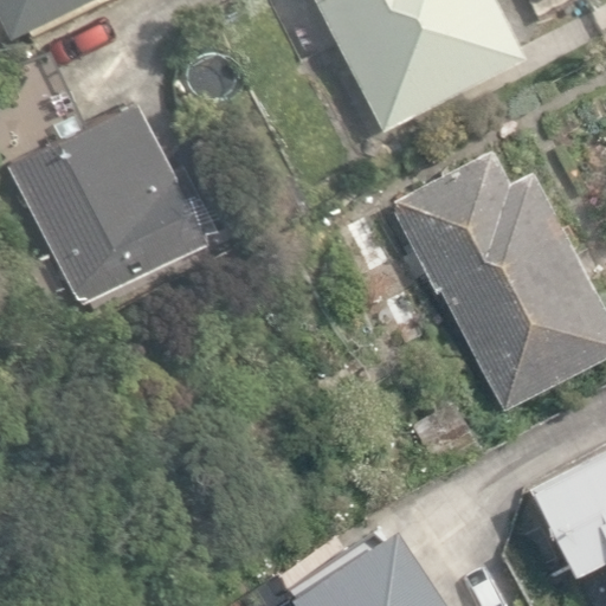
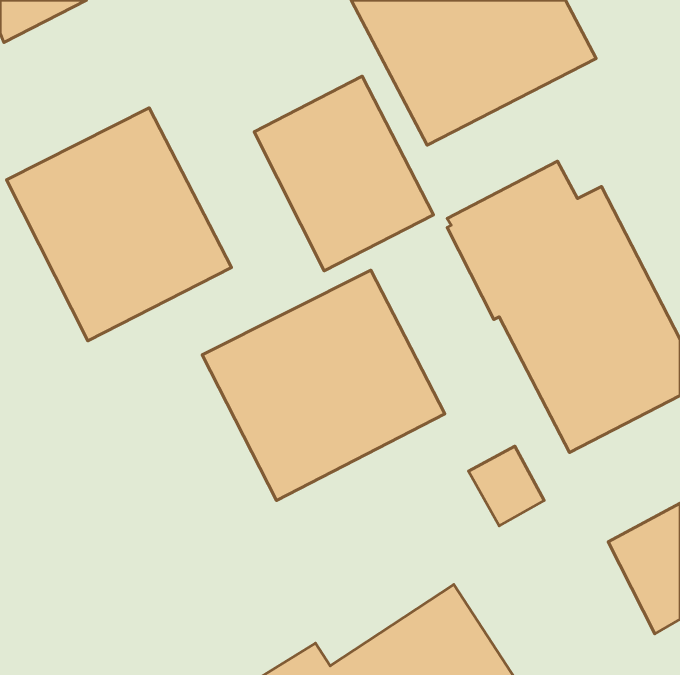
building: none -> [254,76,433,271]
building: none -> [202,270,445,501]

